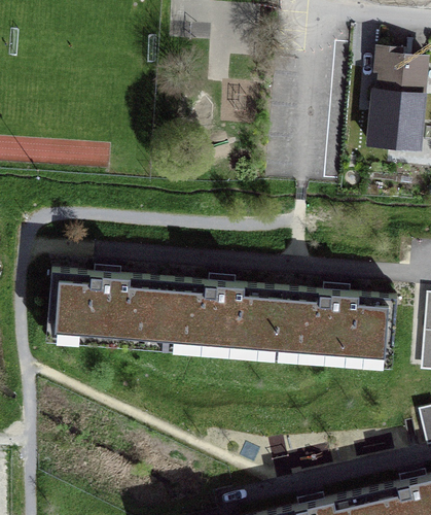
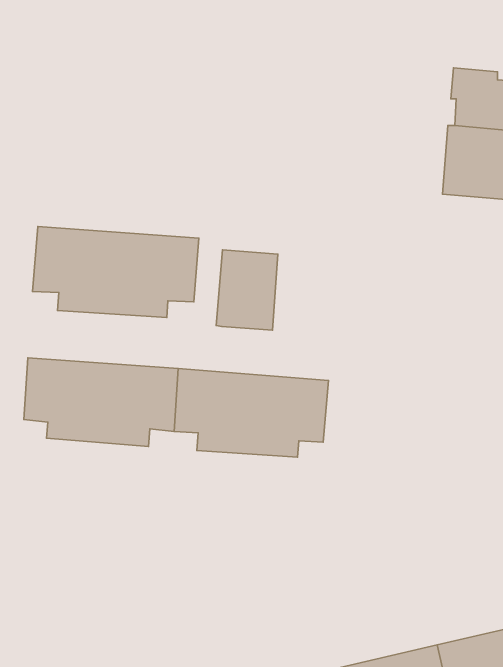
building: none -> [33,227,199,318]
building: none -> [216,250,278,330]
building: [278,294,397,362] -> none

